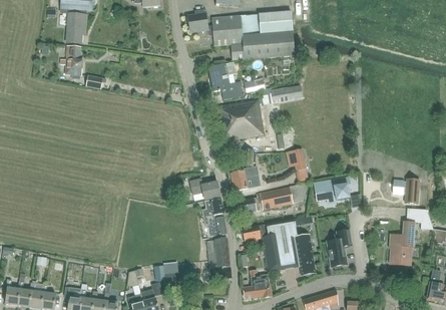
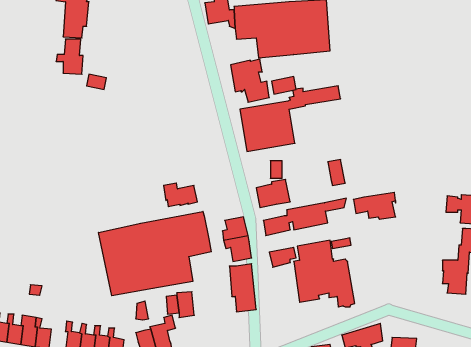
building: [190,180,219,200] -> [164,183,197,207]
building: none -> [99,211,211,296]
building: [327,229,352,268] -> none
building: [242,269,271,298] -> none

